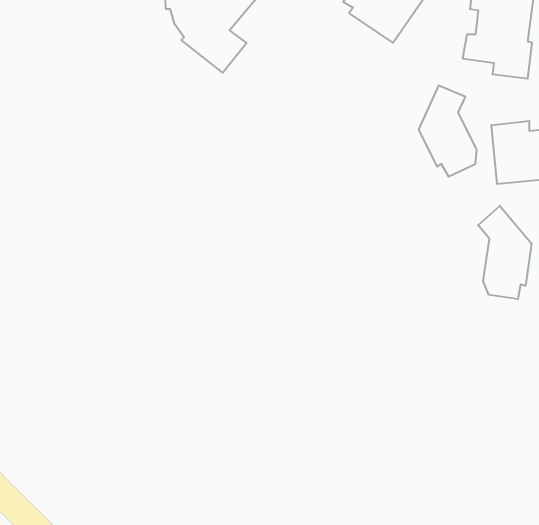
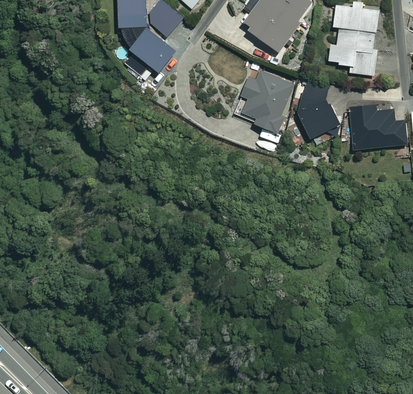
building: none -> [241,70,295,129]
building: [478,206,532,299] -> none

